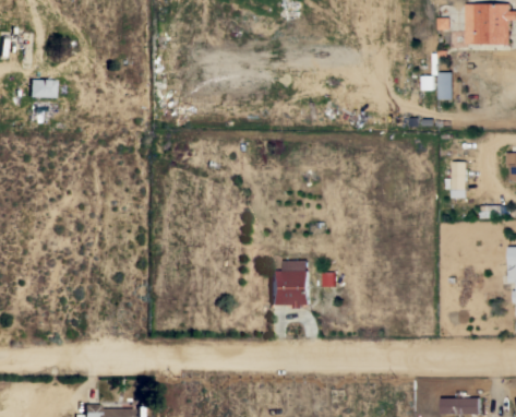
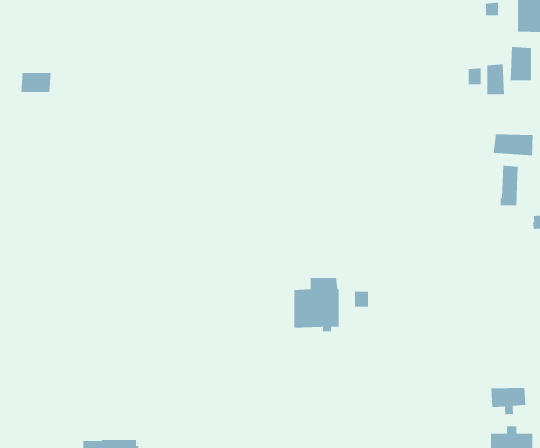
building: none -> [510,46,531,81]
building: none -> [493,133,533,156]
building: none -> [491,387,526,415]

